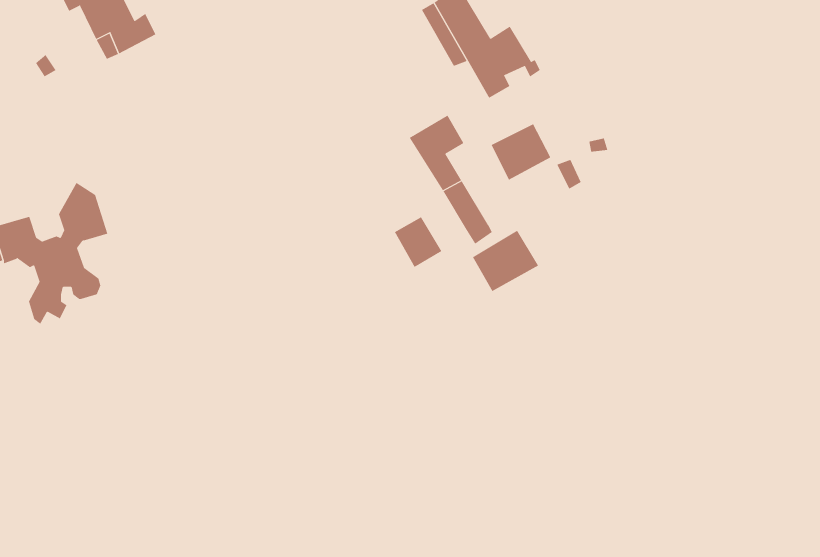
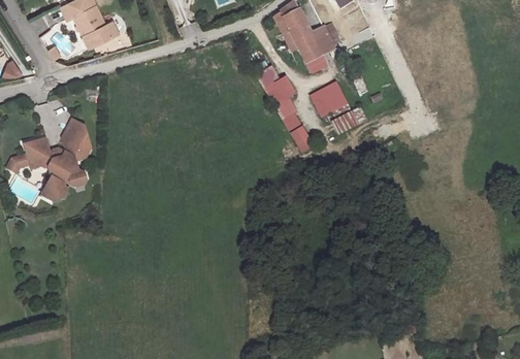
building: [394,216,442,268] -> none
building: [472,230,539,292] -> none

